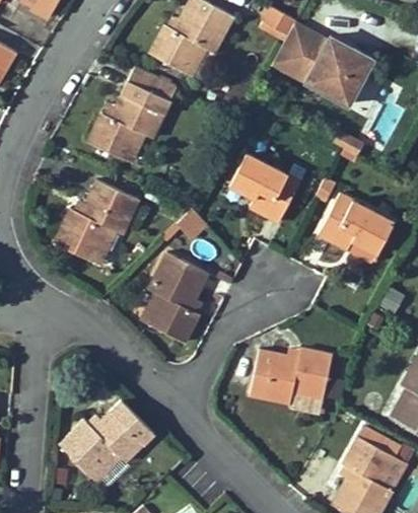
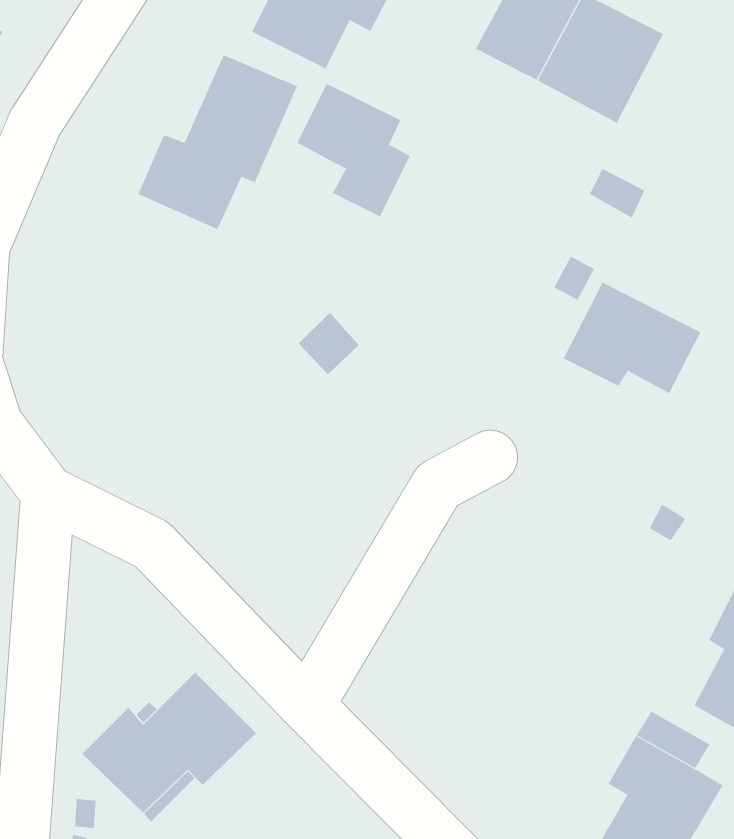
building: [231,150,293,223] -> [297,83,410,217]
building: [53,179,138,266] -> none
building: [142,254,207,343] -> none
building: [251,347,333,411] -> none

